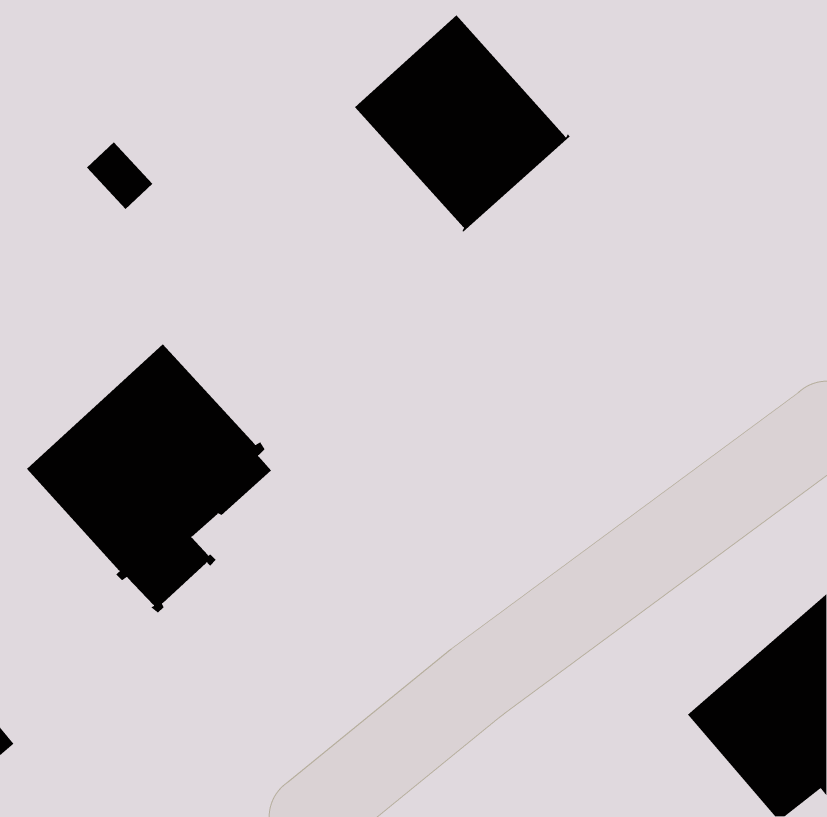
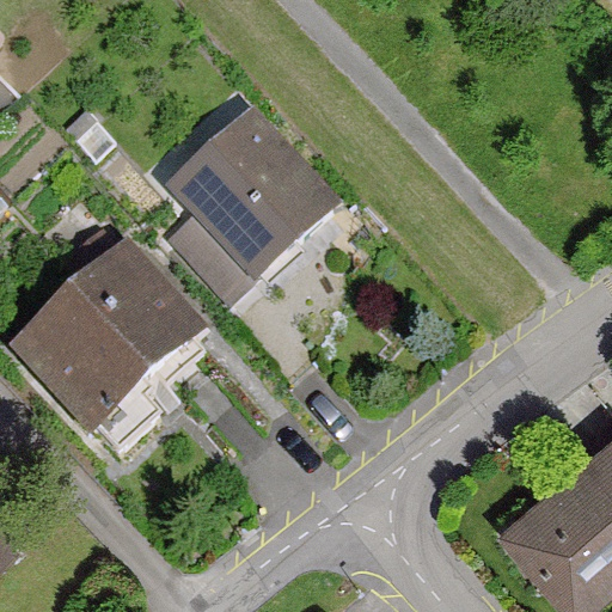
building: [354,15,571,233] -> [172,115,331,275]

